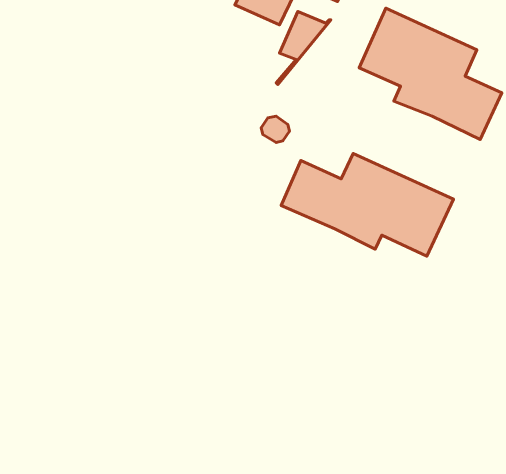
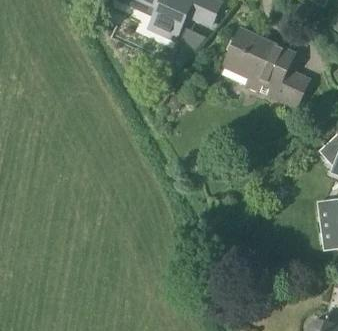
building: [281,154,453,256] -> none

